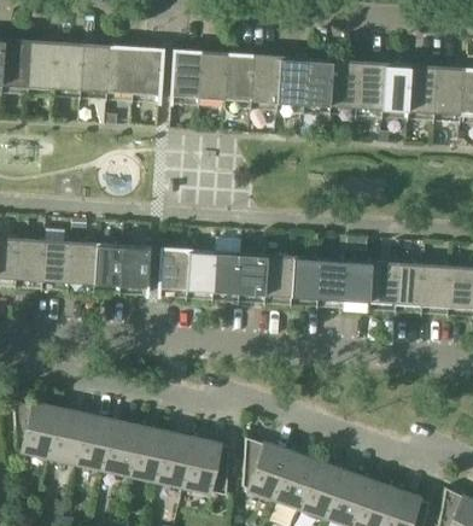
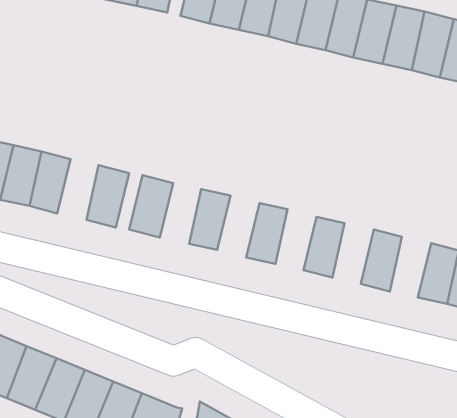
building: [93,242,122,293] -> none
building: [186,249,215,299] -> none
building: [238,251,268,303] -> none
building: [291,255,320,305] -> none
building: [343,258,372,309] -> none
building: [395,262,424,312] -> none

